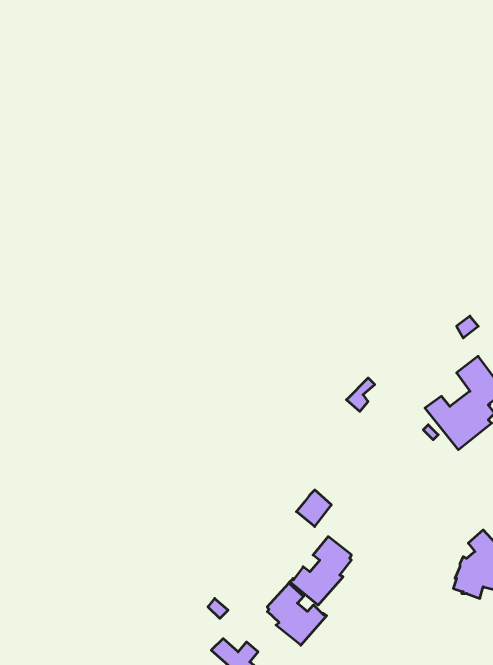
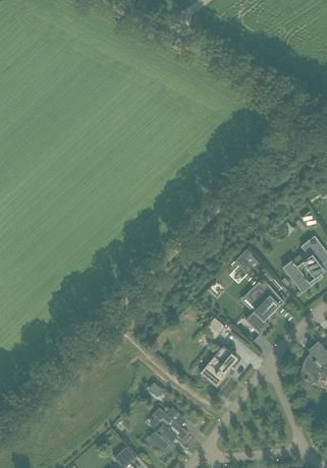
building: none -> [246,285,283,335]
building: [267,583,327,645] -> none

